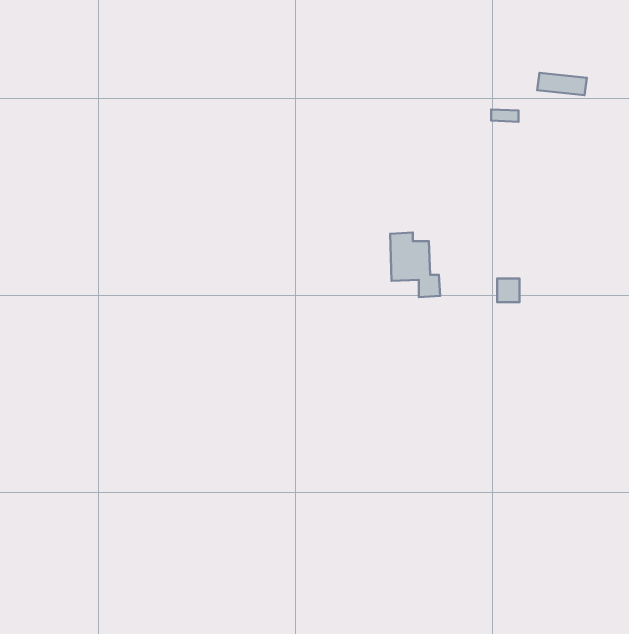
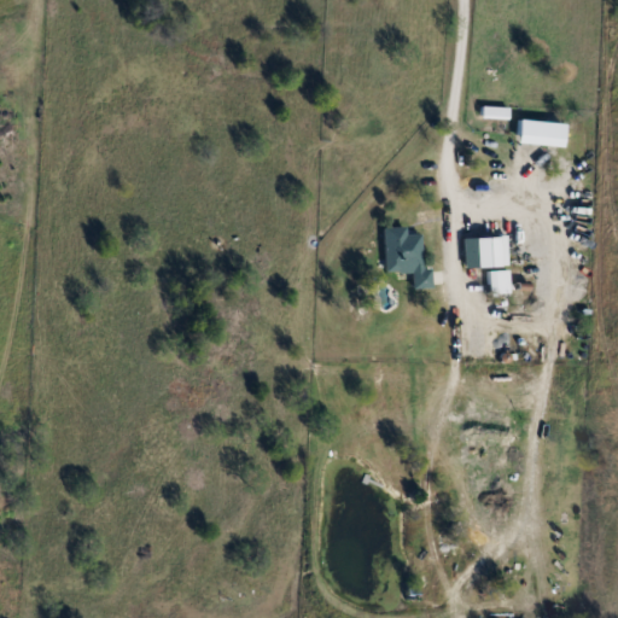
building: [537,73,587,95] -> [518,118,566,140]
building: none -> [474,238,500,266]

